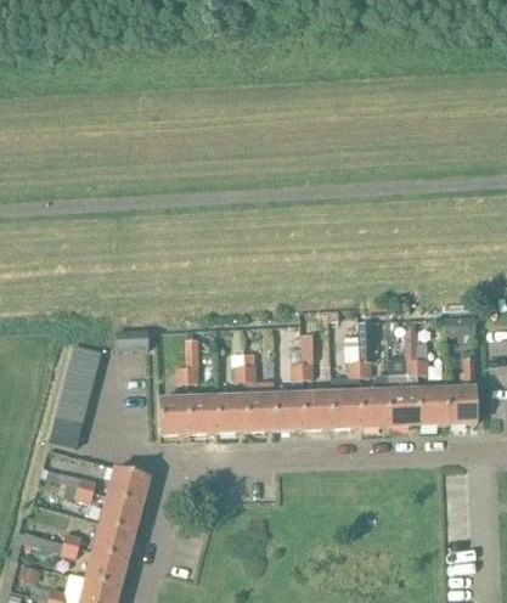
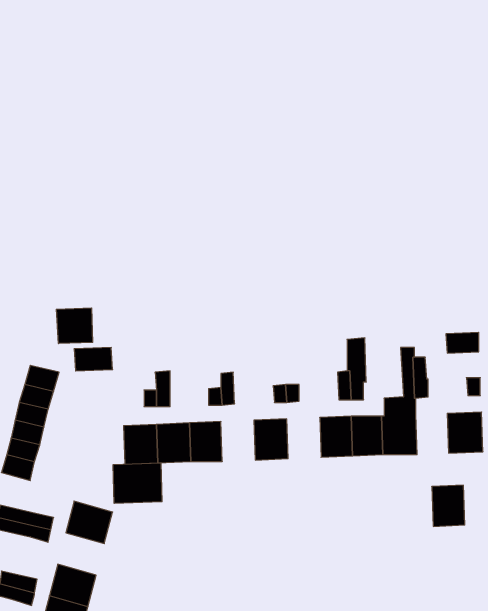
building: none -> [56,308,93,344]
building: [417,388,446,424] -> [432,485,465,526]
building: [303,391,333,428] -> none
building: [244,394,275,430] -> none
building: none -> [113,463,162,503]
building: [100,494,141,531] -> none

